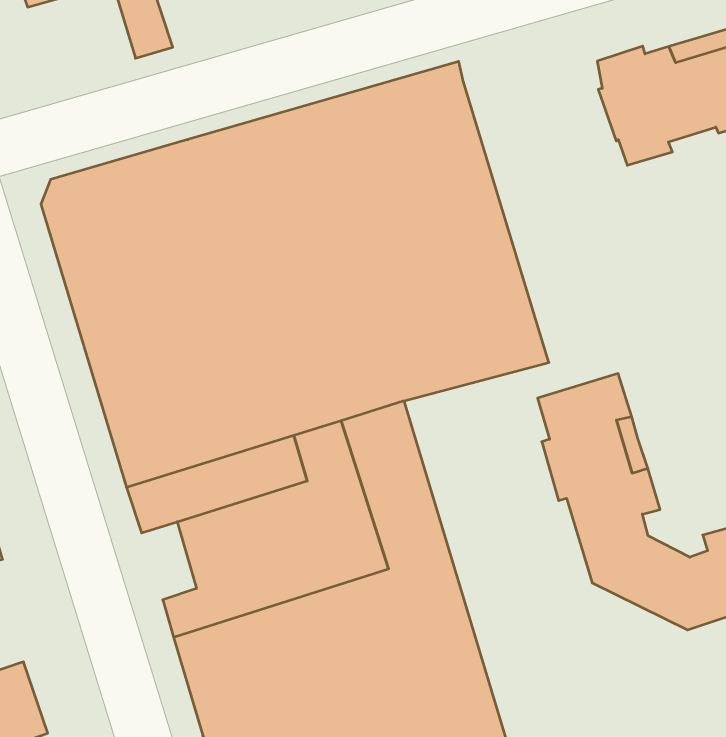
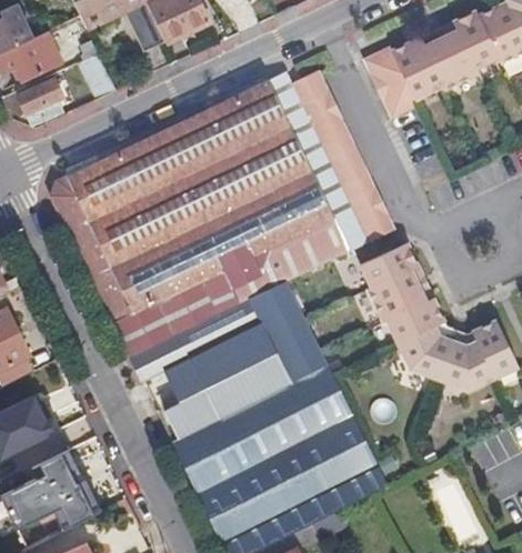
building: none -> [14,77,61,128]
building: none -> [289,69,396,242]

